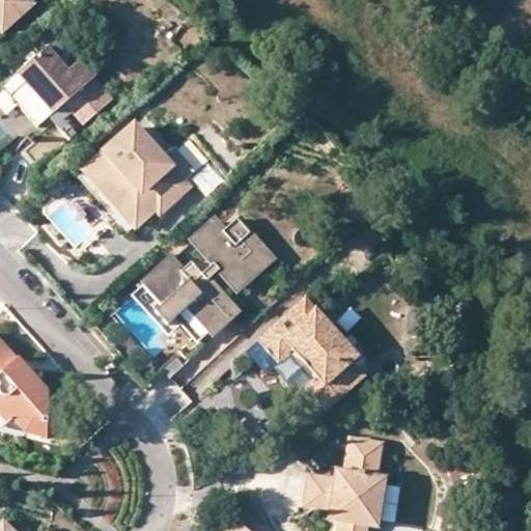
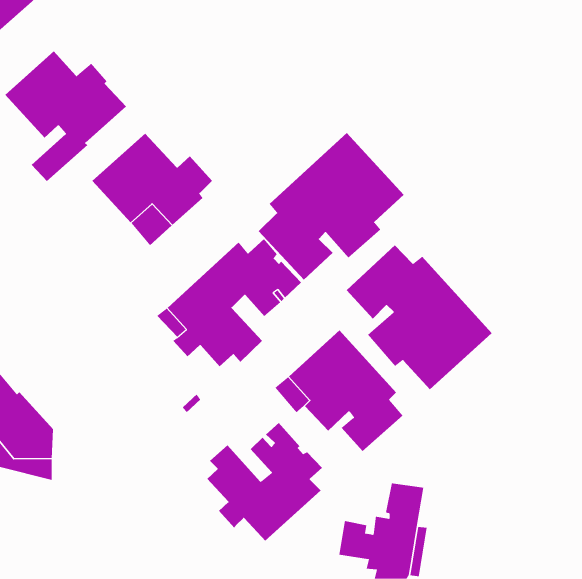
building: none -> [258,132,404,280]
building: none -> [346,245,492,390]
building: none -> [206,422,323,542]

